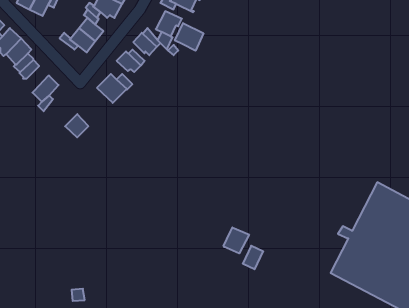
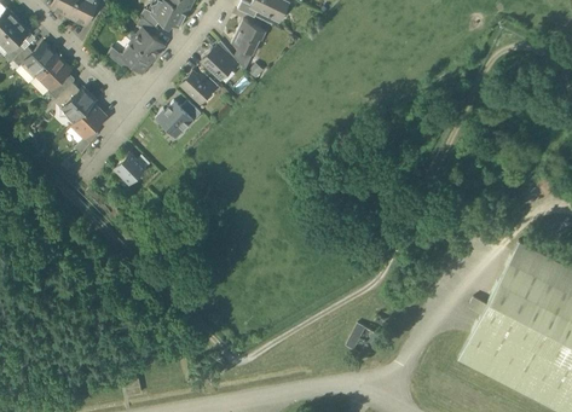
building: [175,23,203,51] -> none
building: none -> [65,91,98,123]
building: [224,227,249,253] -> none

